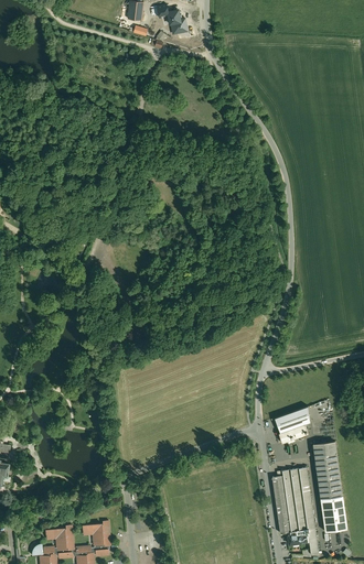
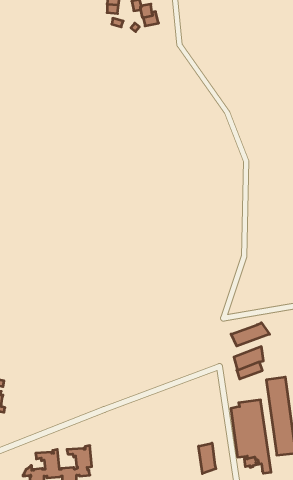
building: none -> [231,323,270,346]
building: none -> [199,443,216,474]

